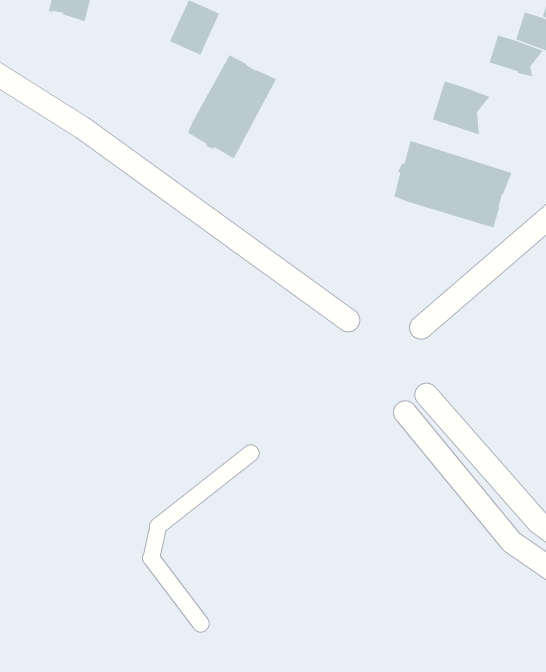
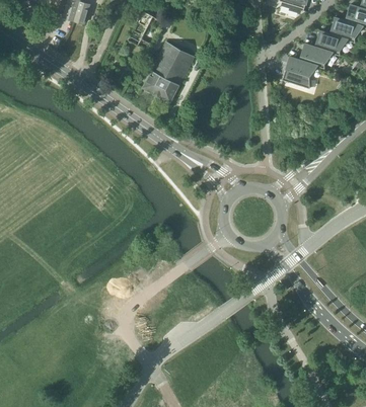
building: none -> [300,44,332,68]
building: [392,140,512,228] -> none

